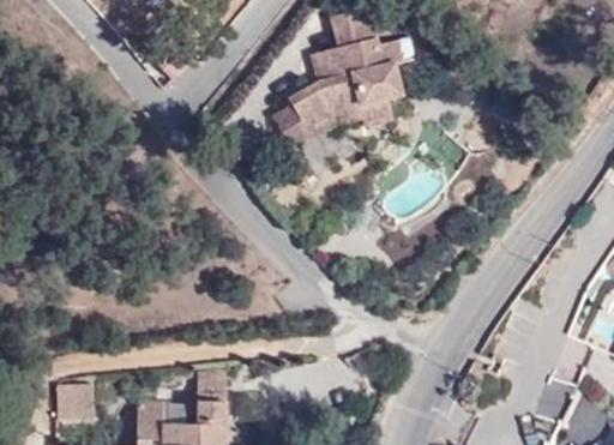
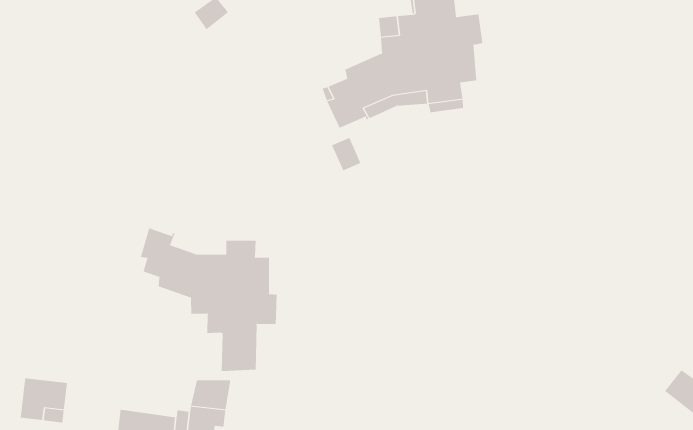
building: none -> [140,227,277,372]

